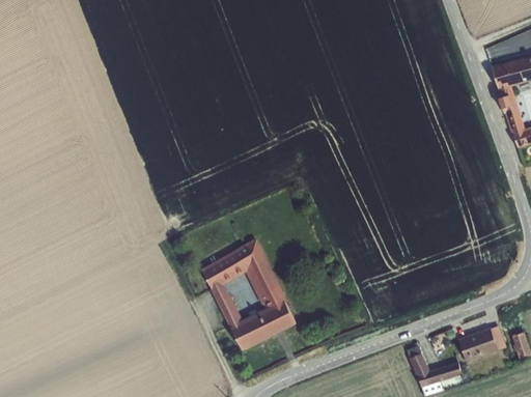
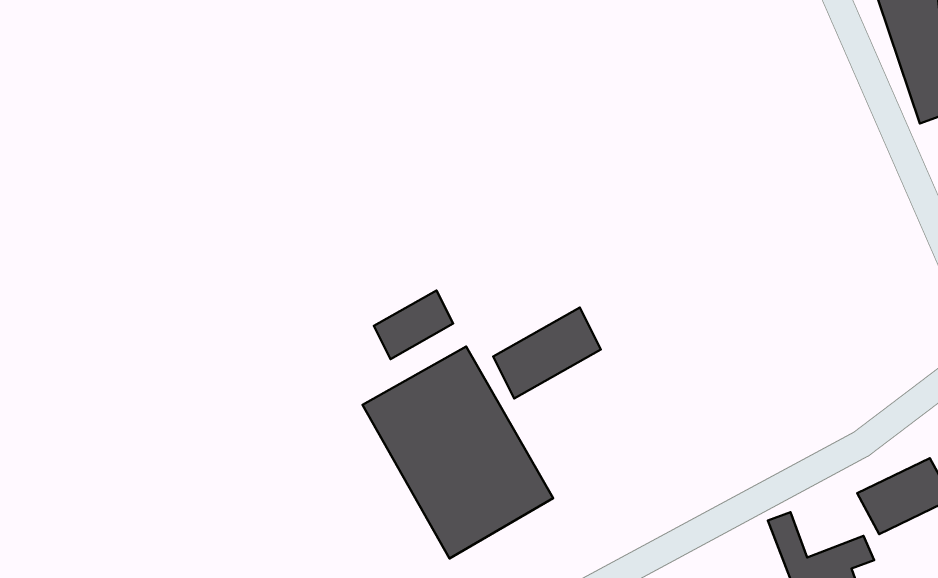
building: none -> [374,290,453,359]
building: none -> [493,308,601,398]

